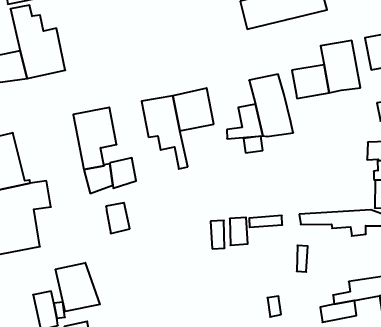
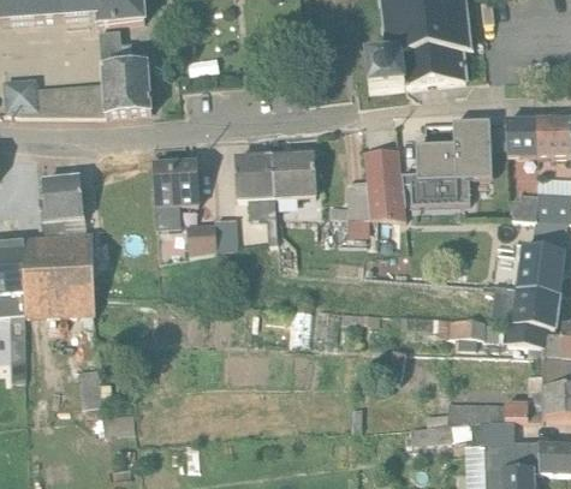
building: none -> [402,174,469,205]
building: [106,203,130,233] -> [214,217,238,251]
building: [56,263,100,311] -> none

